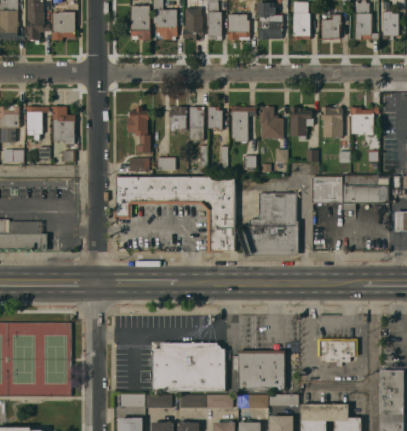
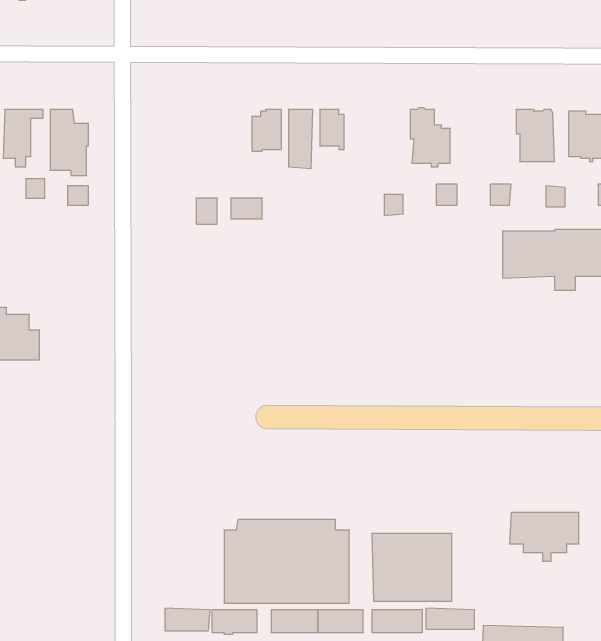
building: [231,105,256,142] -> none
building: [290,105,313,139] -> none
building: [127,106,150,152] -> none
building: [116,176,235,251] -> none
building: [243,193,298,255] -> none

